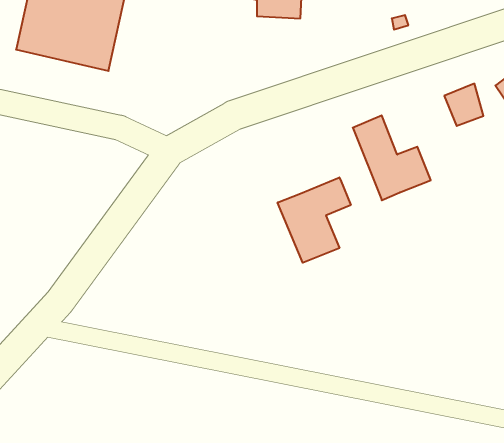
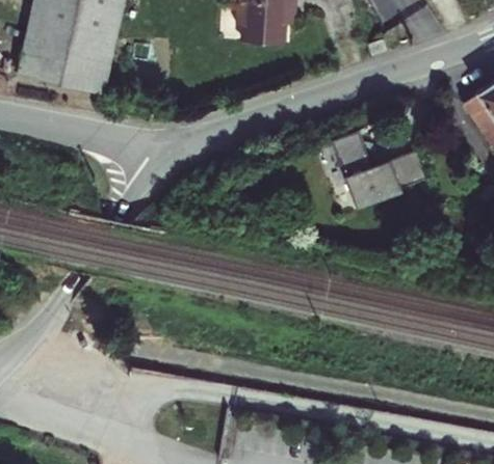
building: [444,84,483,126] -> [392,148,428,188]
building: [278,177,351,263] -> none

